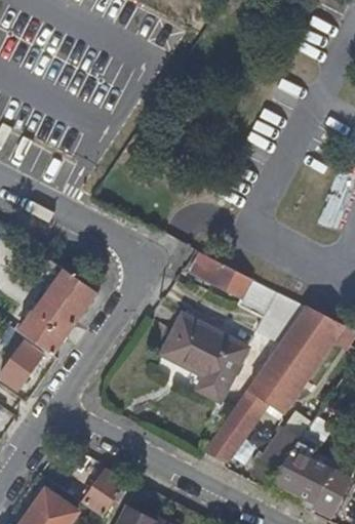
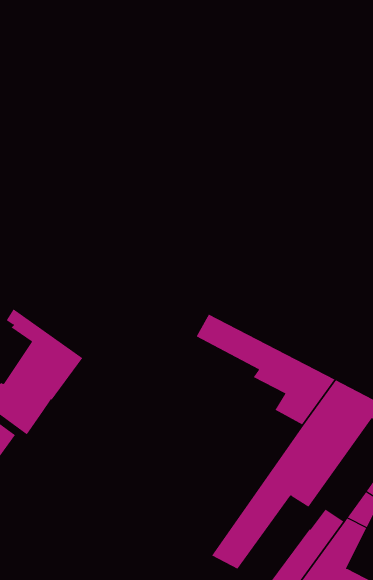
building: [162,317,245,404] -> none

